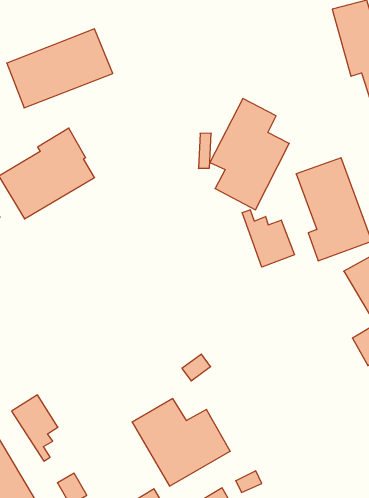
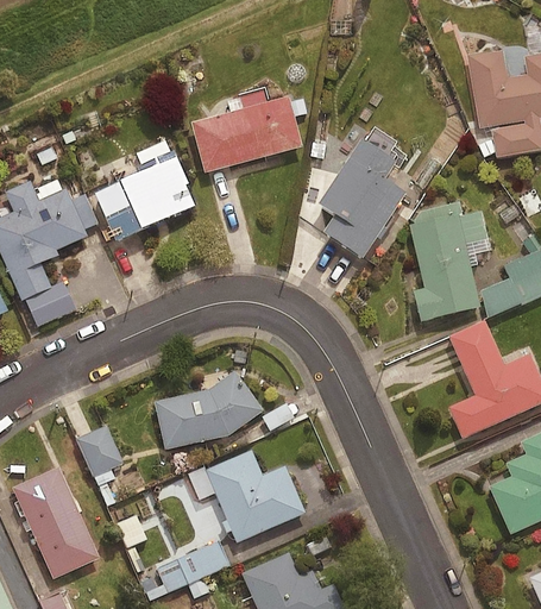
building: [7,29,113,108] -> [191,95,303,171]
building: [242,210,294,267] -> none
building: none -> [153,369,264,448]

